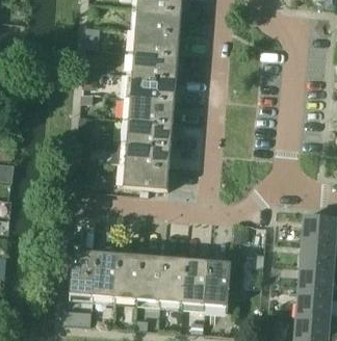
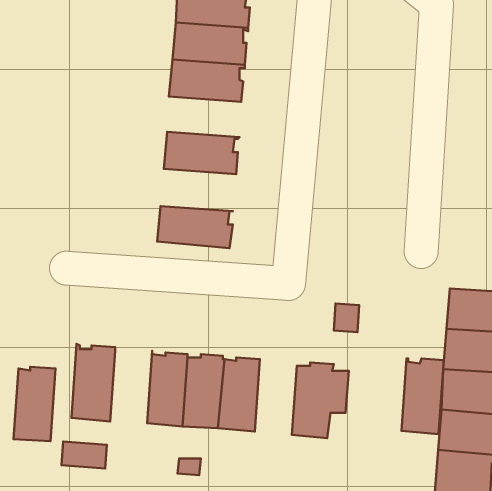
building: [129,96,175,121] -> none
building: [125,140,172,166] -> none
building: [94,252,120,297] -> [13,367,55,441]
building: [183,258,209,305] -> [401,358,443,434]

